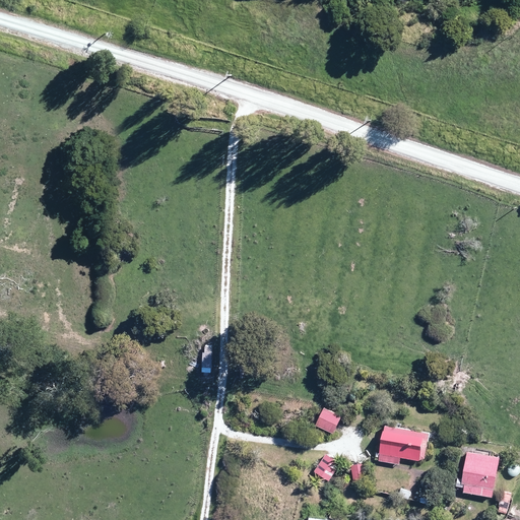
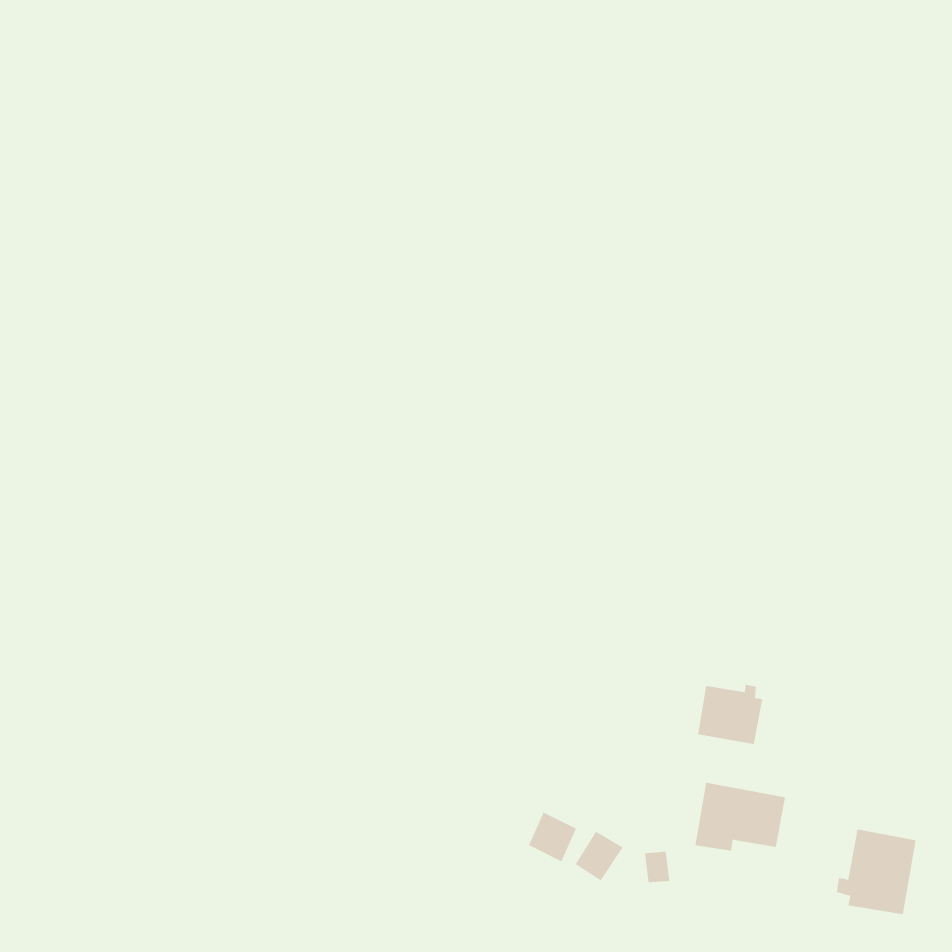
building: none -> [698,684,763,745]
building: [314,406,340,434] -> [528,812,577,862]

